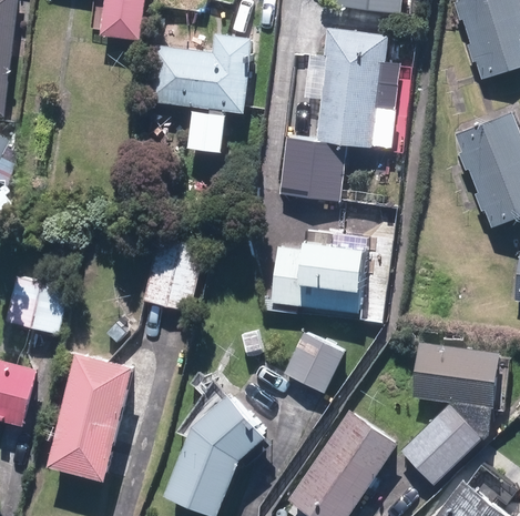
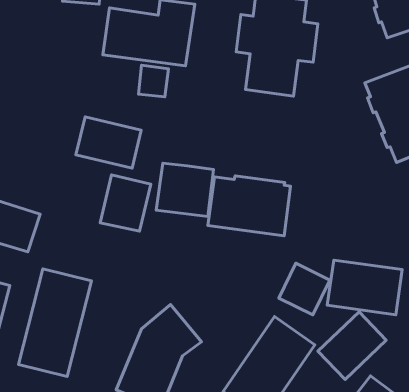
building: [278,138,346,201] -> [156,163,213,217]
building: none -> [76,117,141,168]
building: [284,331,344,392] -> [279,263,330,315]

